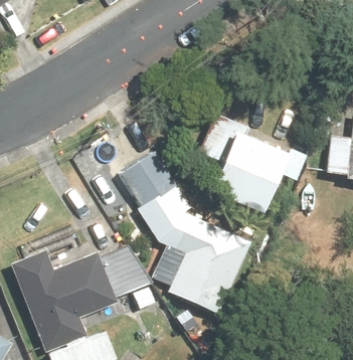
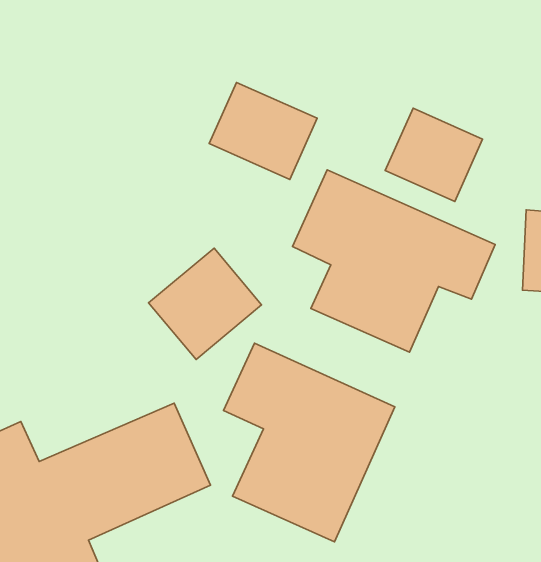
building: none -> [209,82,317,179]
building: none -> [385,108,483,201]

